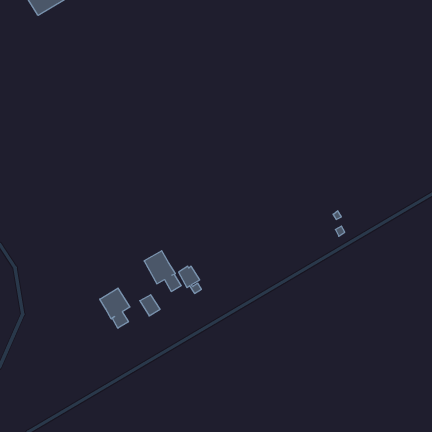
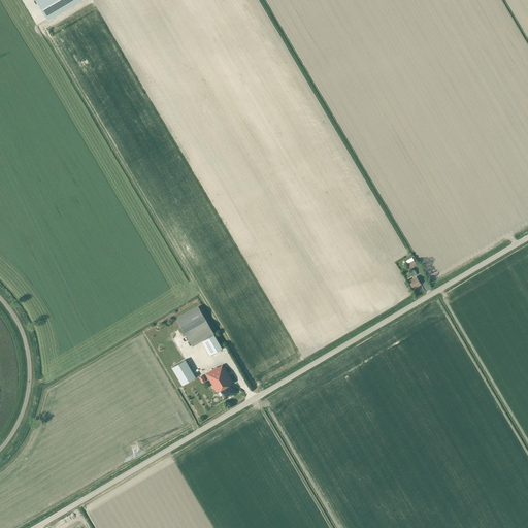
building: [179,266,201,293] -> [205,365,233,398]
building: [100,288,130,328] -> none

